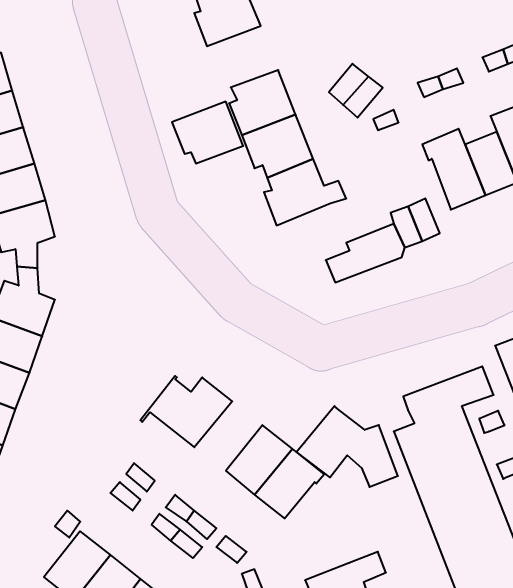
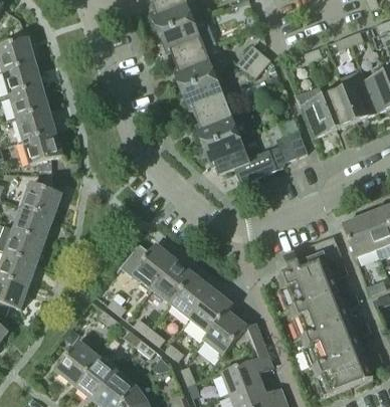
building: [172,102,243,163] -> [159,20,204,59]
building: none -> [203,133,249,174]
building: none -> [151,258,194,302]
building: [297,406,398,487] -> [203,310,267,361]

